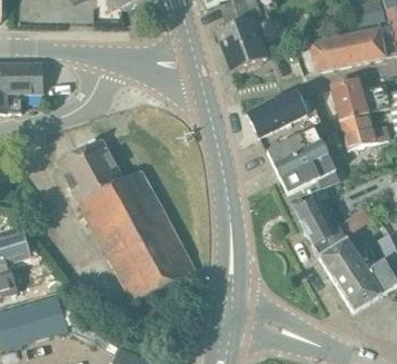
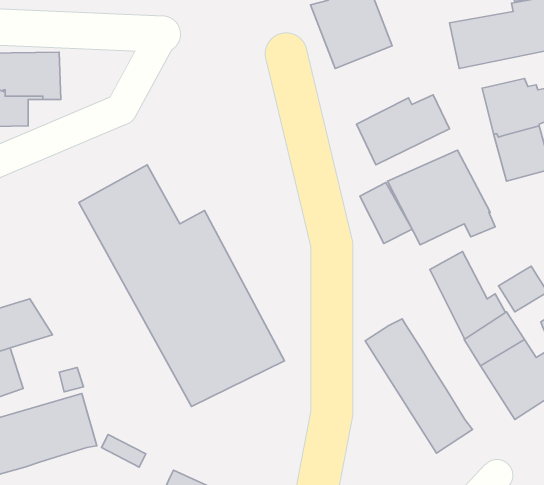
building: none -> [360,182,412,244]
building: none -> [365,319,472,453]

